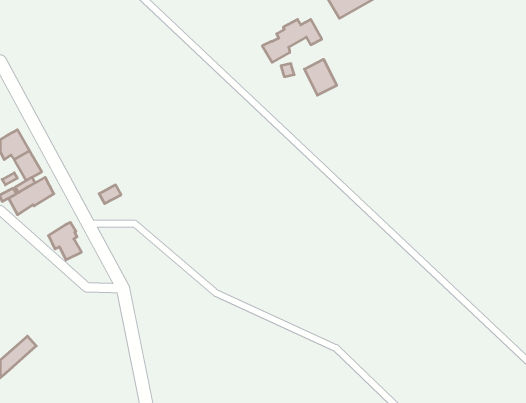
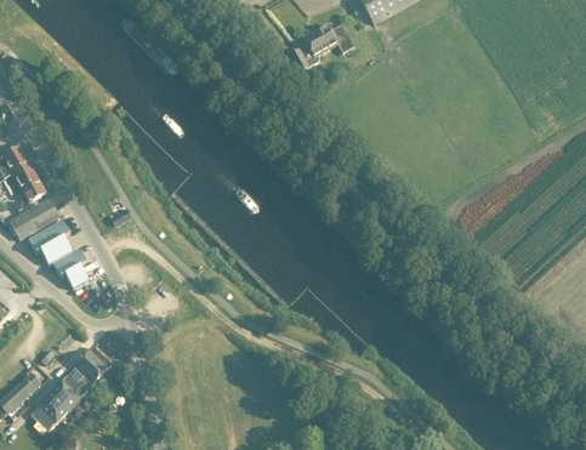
building: [304,59,337,95] -> none
building: none -> [28,217,73,263]
building: none -> [32,346,112,429]

